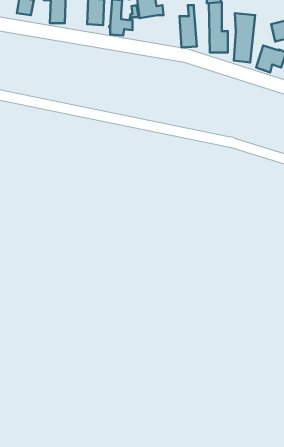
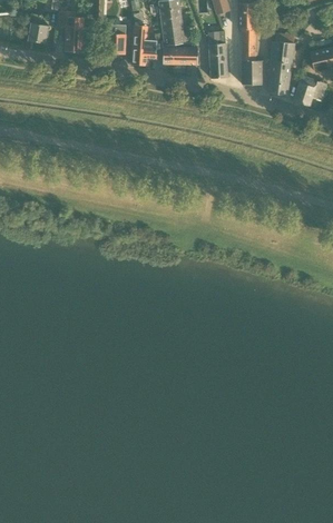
building: none -> [163,48,198,65]

